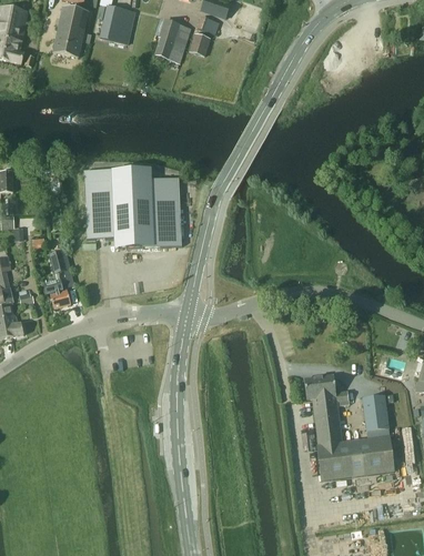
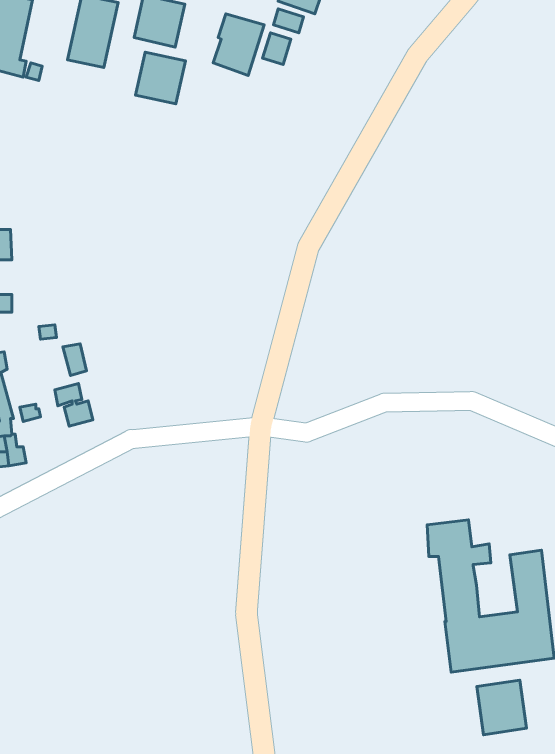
building: none -> [135,52,186,104]
building: [83,168,181,246] -> none
building: none -> [477,680,527,735]

